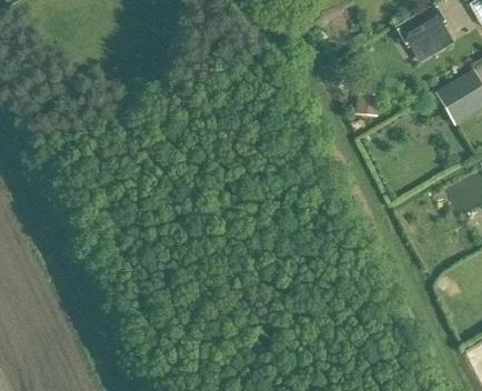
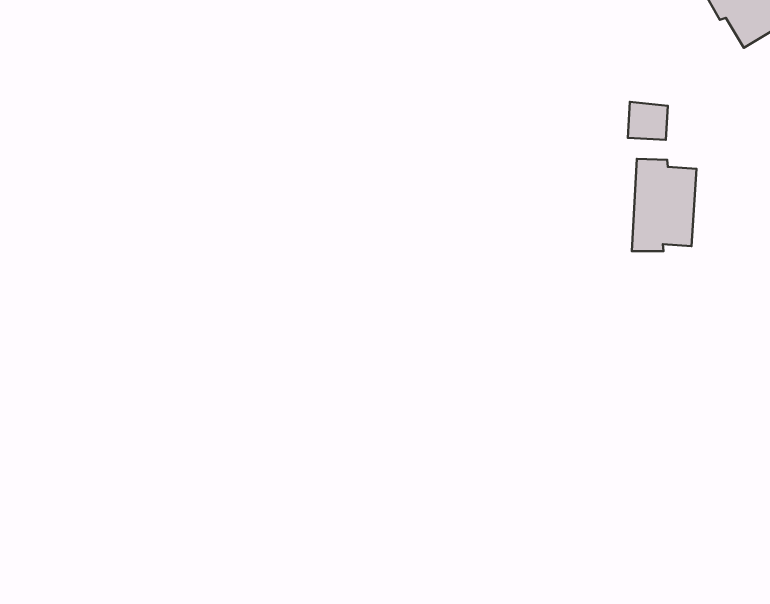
building: none -> [632,159,697,251]

